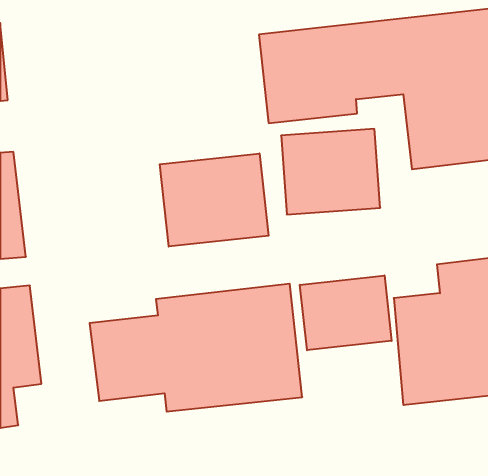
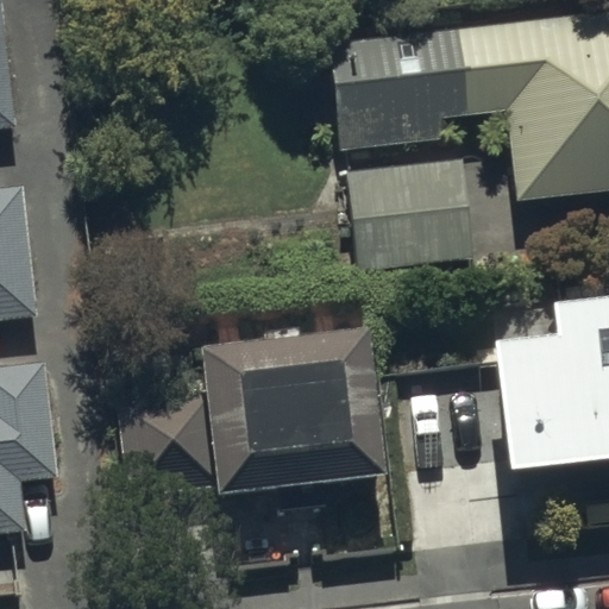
building: [160,153,269,247] -> none
building: [300,275,392,350] -> none

